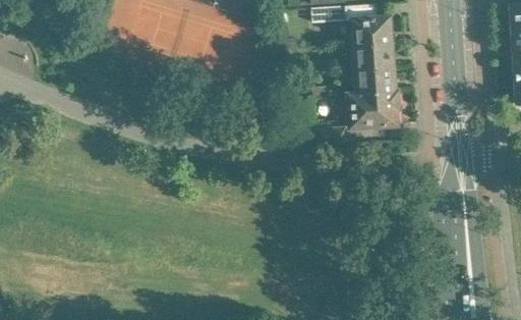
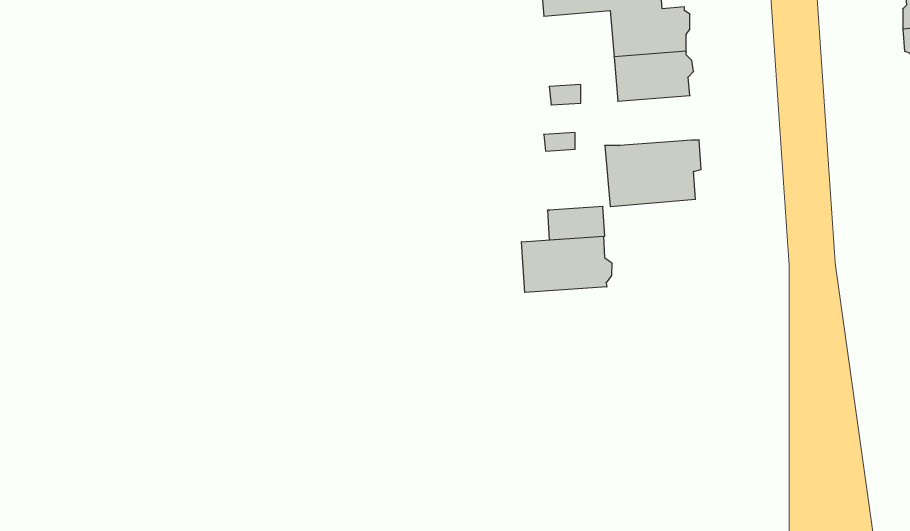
building: [353,66,396,94] -> none
building: none -> [522,236,612,292]

